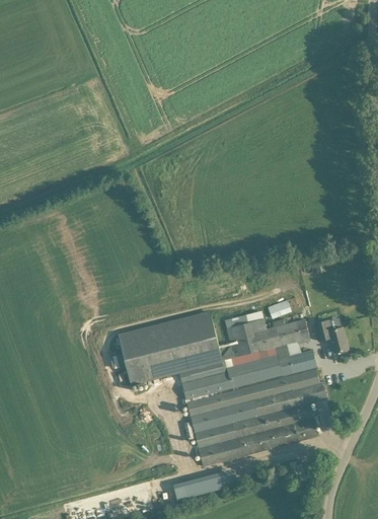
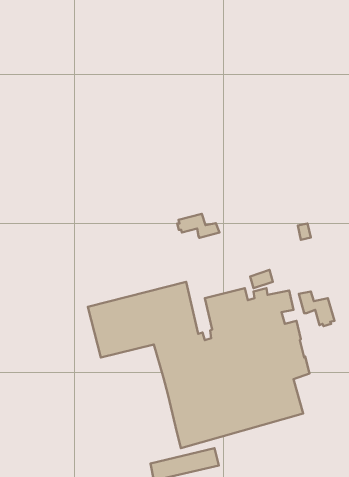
building: none -> [177,214,220,238]

